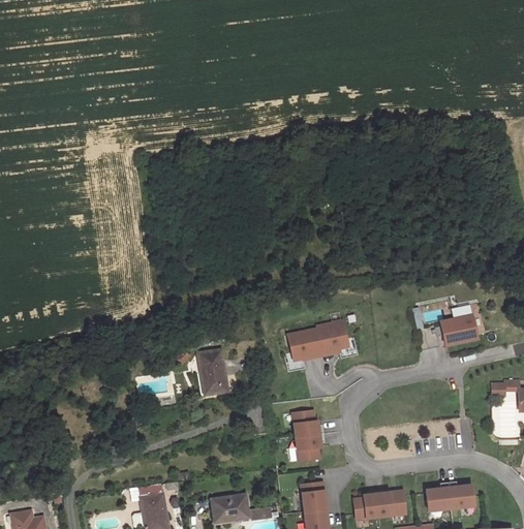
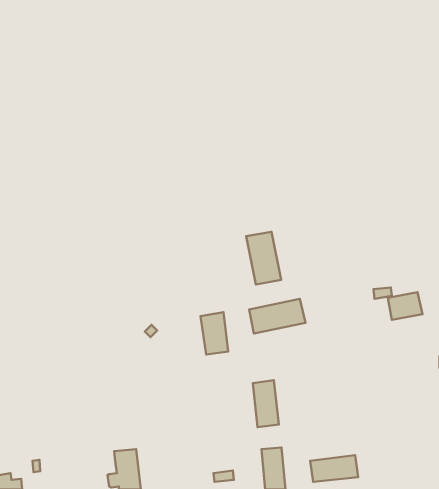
building: none -> [246,232,281,284]
building: [197,349,227,395] -> [200,312,228,354]
building: [427,486,475,511] -> none
building: [212,495,249,523] -> none

